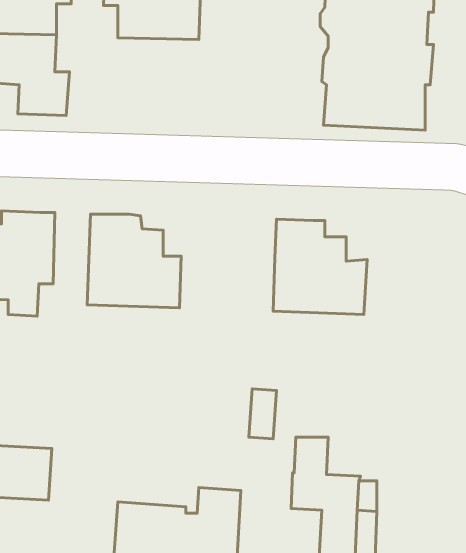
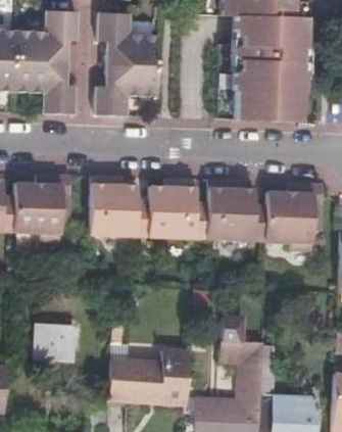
building: none -> [97,64,159,115]
building: none -> [147,178,207,237]
building: none -> [263,182,322,248]

